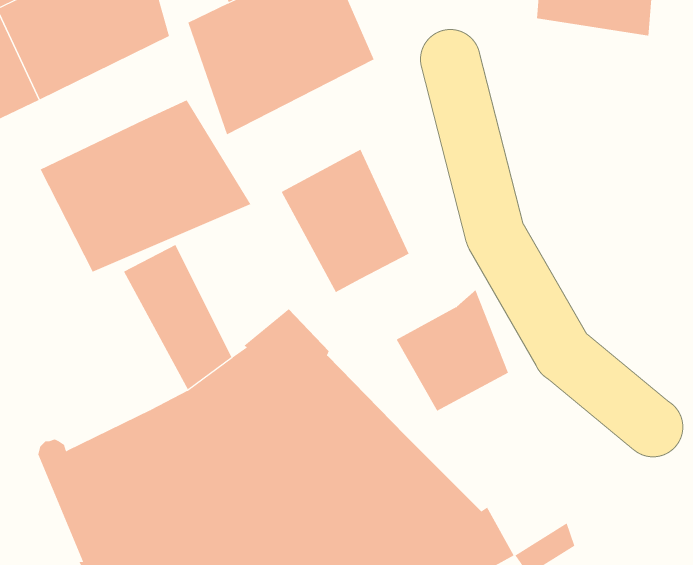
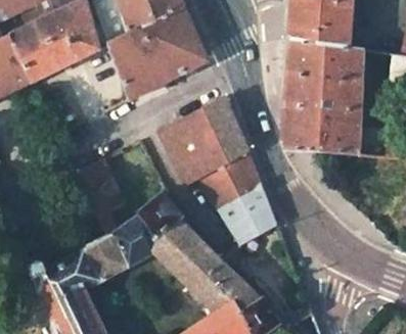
building: none -> [282,39,365,155]
building: [40,99,251,273] -> none
building: none -> [198,96,259,207]

